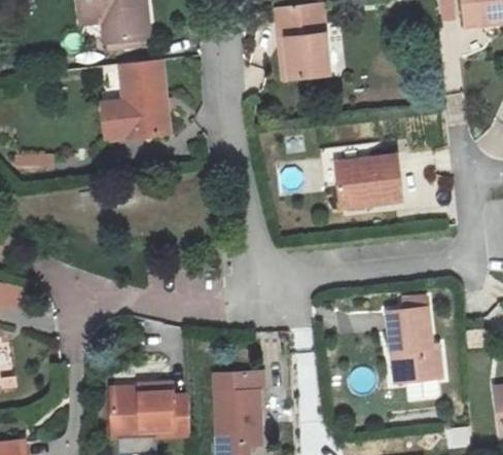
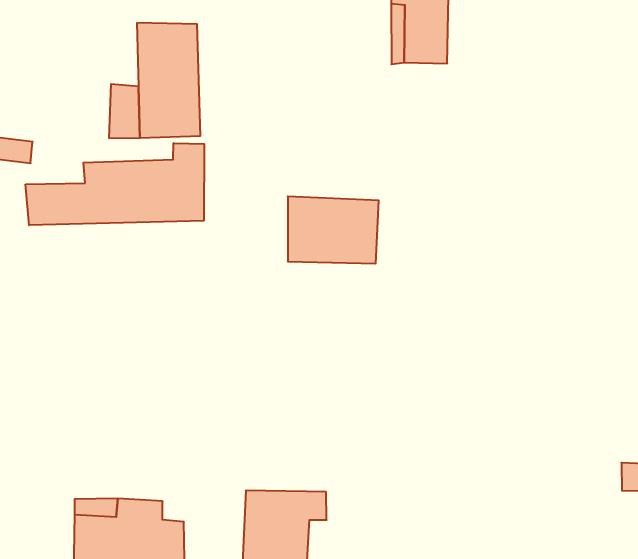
building: none -> [26,143,204,225]
building: [335,155,398,202] -> [288,196,379,264]
building: [389,307,441,380] -> none

